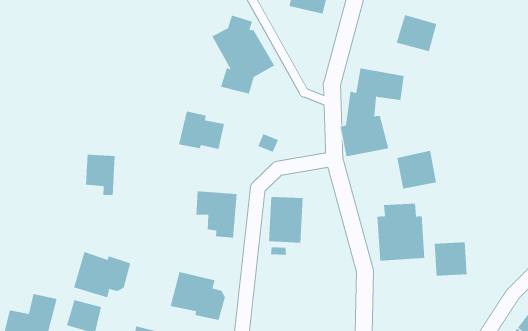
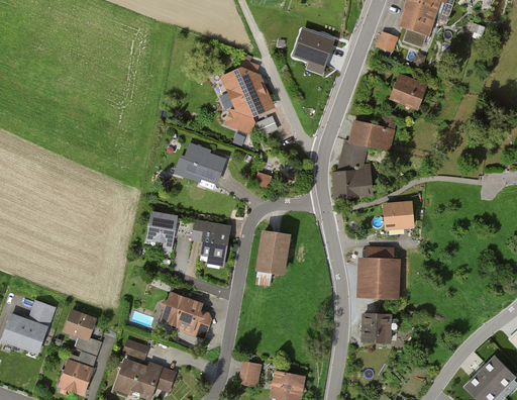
building: [85,154,115,195] -> [146,211,177,252]
building: [434,242,467,276] -> [360,313,391,344]
building: [74,251,131,298] -> none

